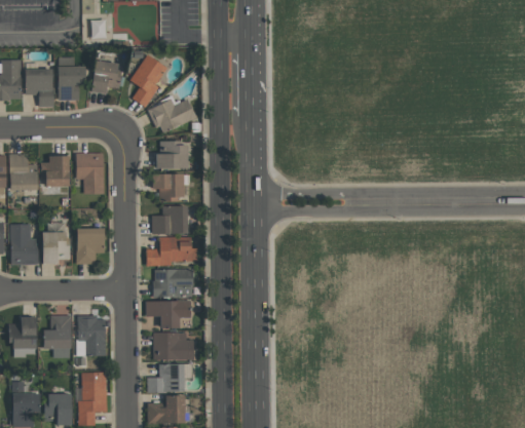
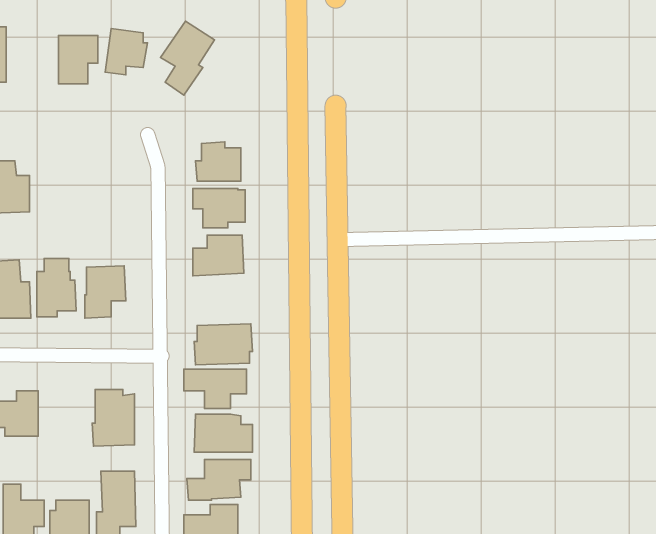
building: [26,68,53,106] -> none
building: [148,95,197,133] -> none
building: [75,153,103,194] -> none
building: [40,156,69,187] -> none
building: [146,237,197,266] -> none
building: [50,315,78,358] -> none

